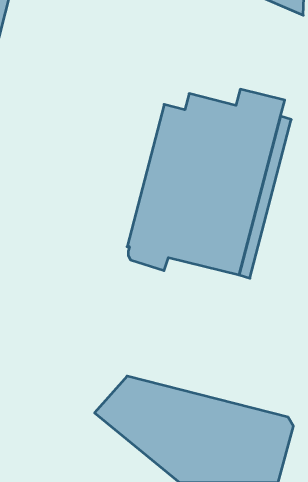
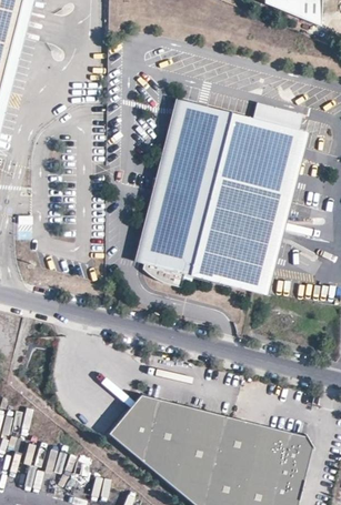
building: none -> [133,99,204,263]

